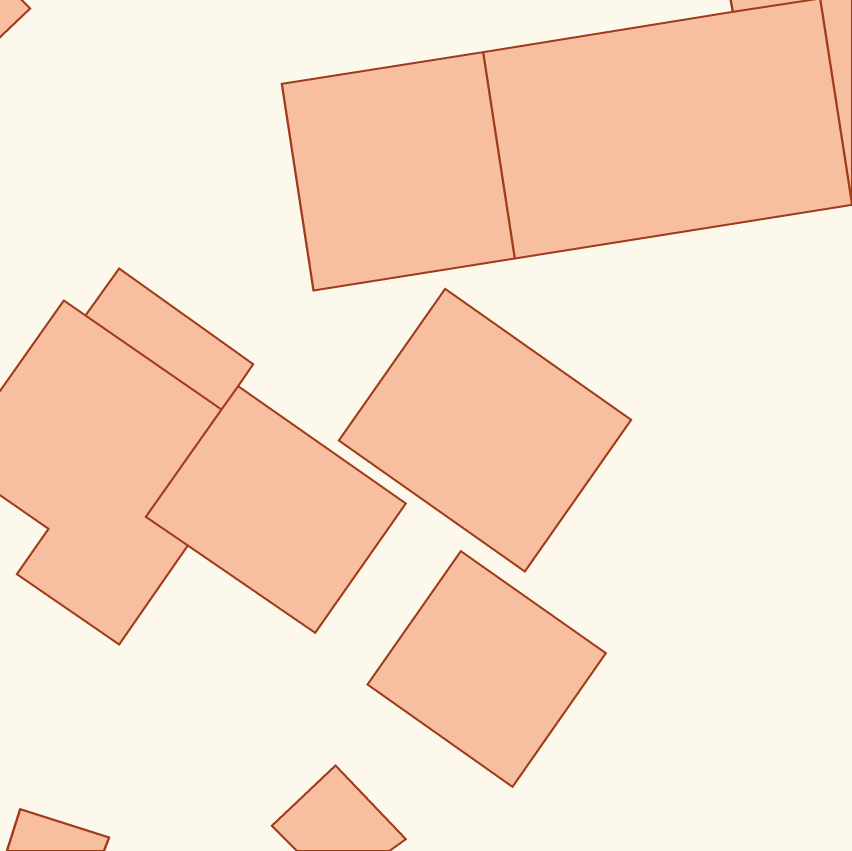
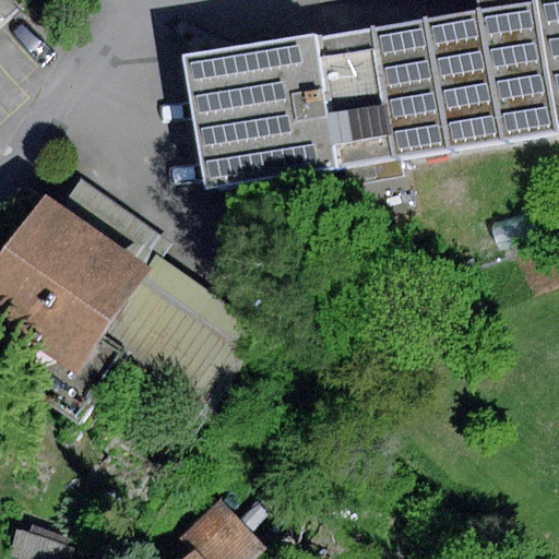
building: [339,289,631,572] -> none
building: [368,551,606,787] -> none

